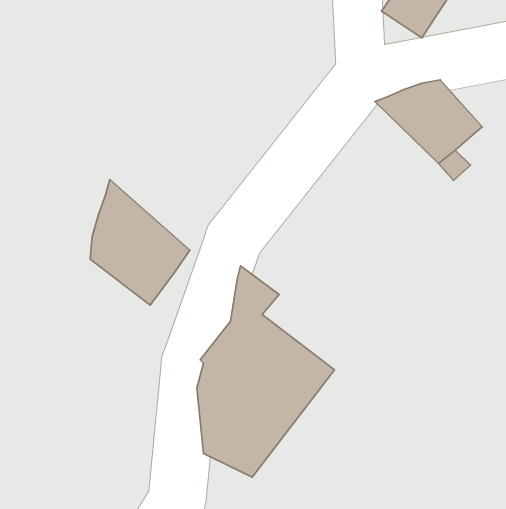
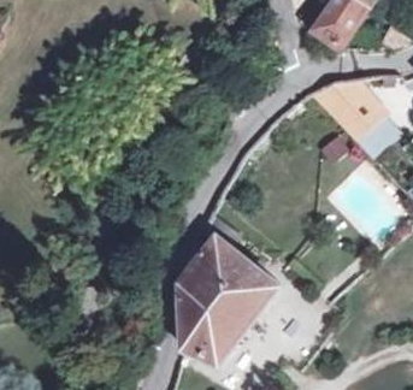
building: [90,180,190,305] -> none

